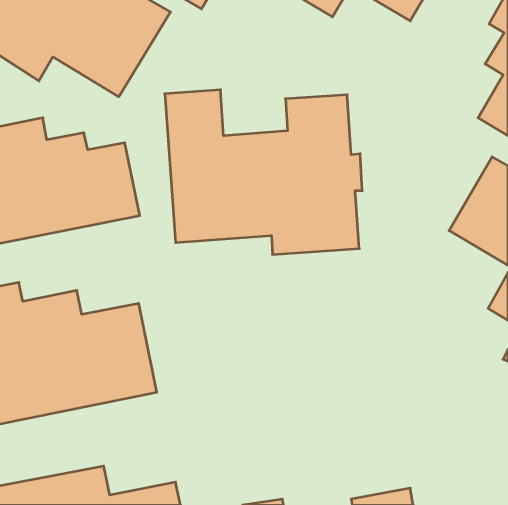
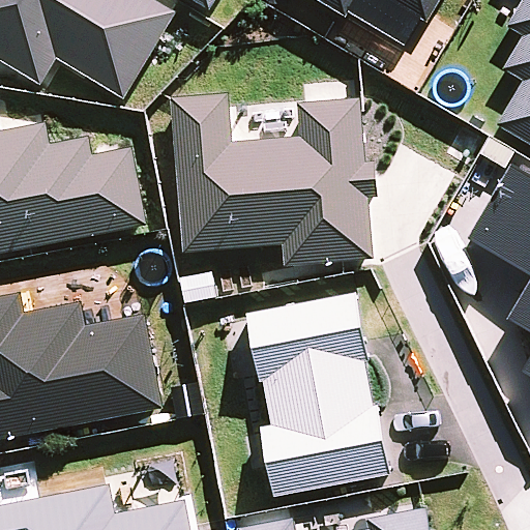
building: none -> [244,290,390,496]

